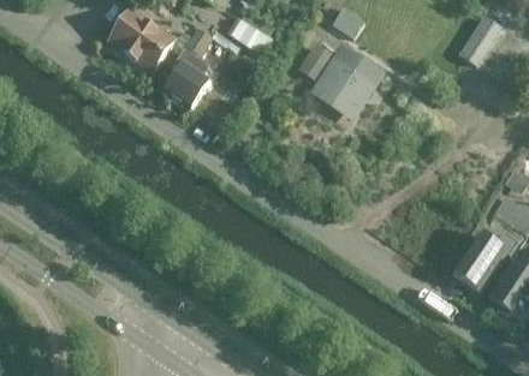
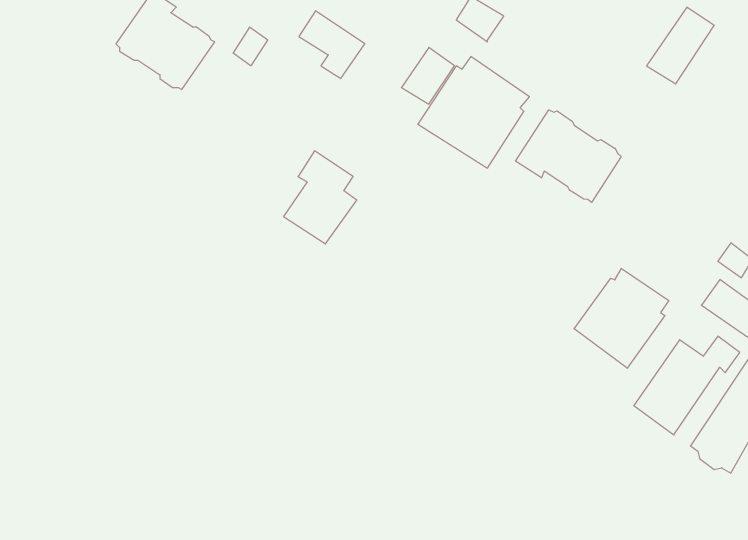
building: [164,48,212,109] -> [284,151,357,244]
building: none -> [516,110,621,202]
building: none -> [574,268,669,368]

